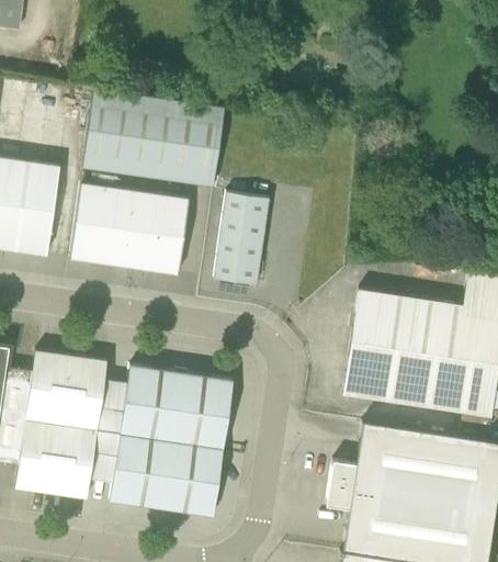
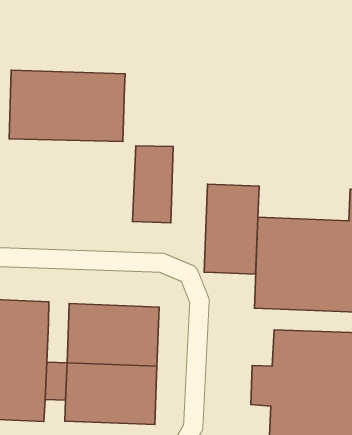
building: [69,183,190,273] -> none
building: none -> [204,184,259,274]
building: [97,385,126,434] -> none

